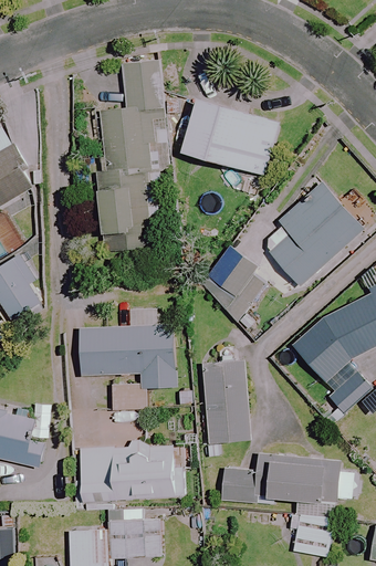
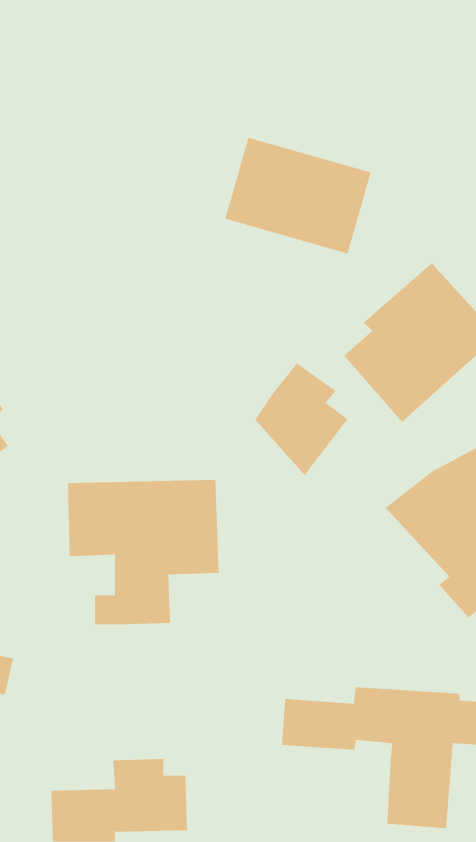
building: [96,60,167,254] -> none
building: [205,361,248,443] -> none
building: [79,447,184,499] -> none

